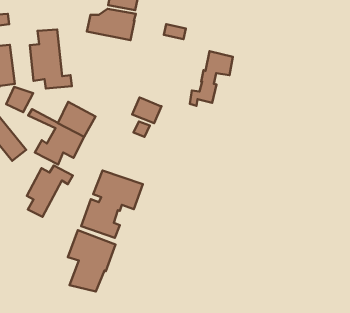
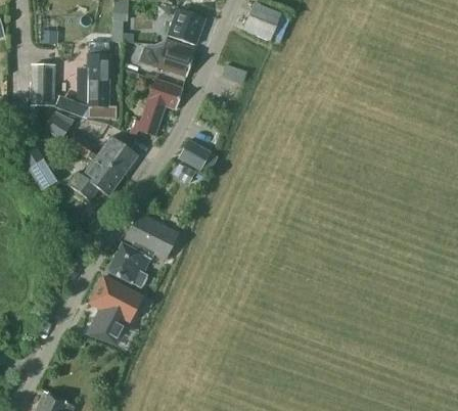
building: [190,51,233,106] -> [129,80,182,137]
building: [27,165,73,217] -> none

